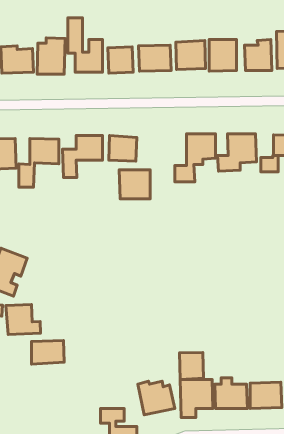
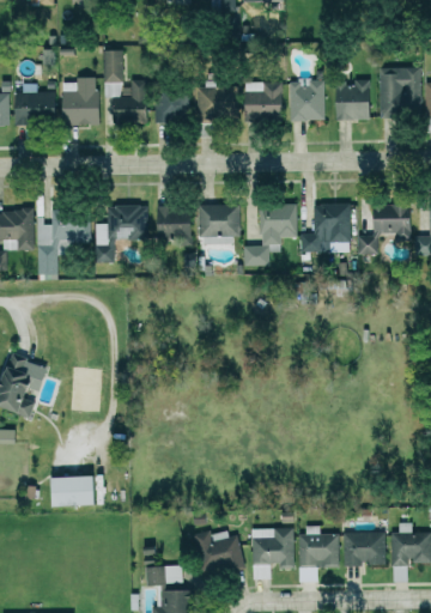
building: [119,170,150,199] -> [199,204,239,242]
building: [6,304,41,335] -> none
building: [180,352,204,380] -> none

